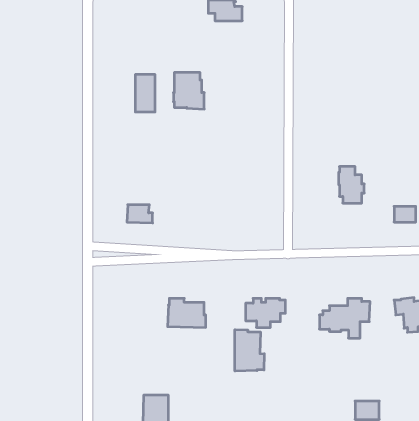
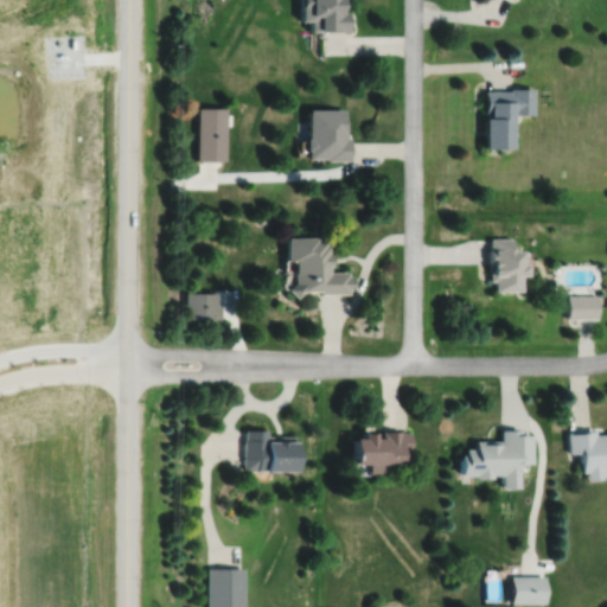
building: none -> [485,90,536,153]
building: [173,73,204,109] -> [311,111,354,164]
building: none -> [290,239,353,301]
building: [235,330,264,371] -> none

